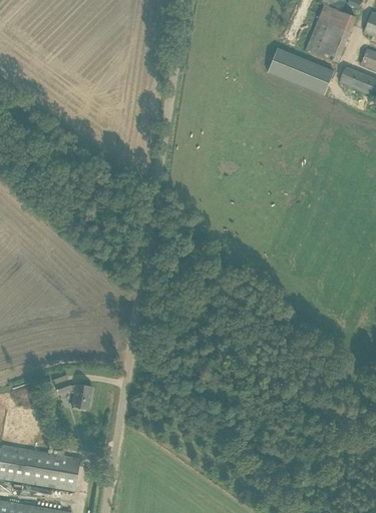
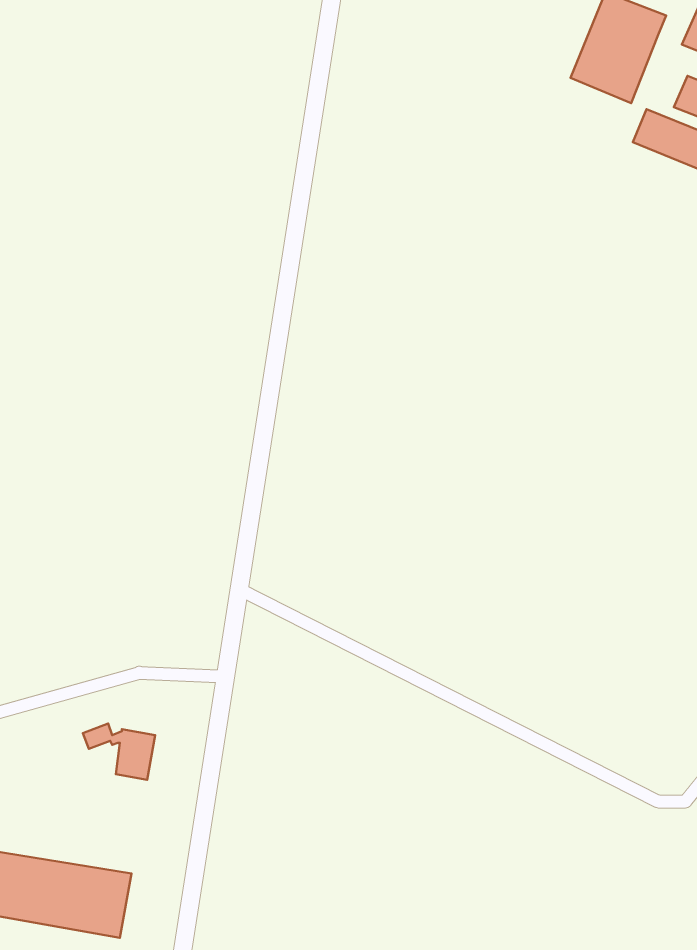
building: [267,47,333,95] -> none

